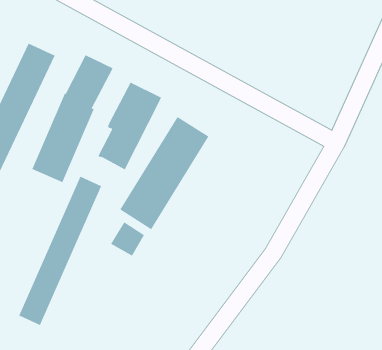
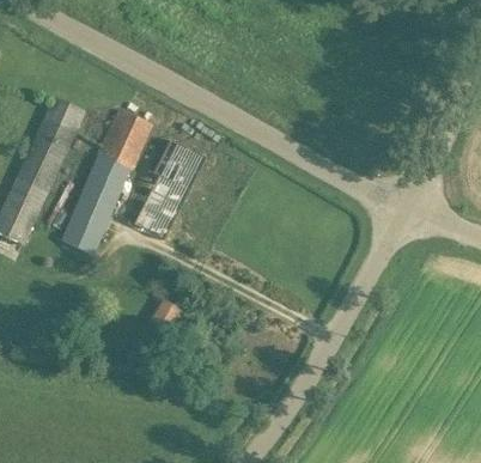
building: [119,116,209,230] -> none
building: [19,176,102,326] -> none

